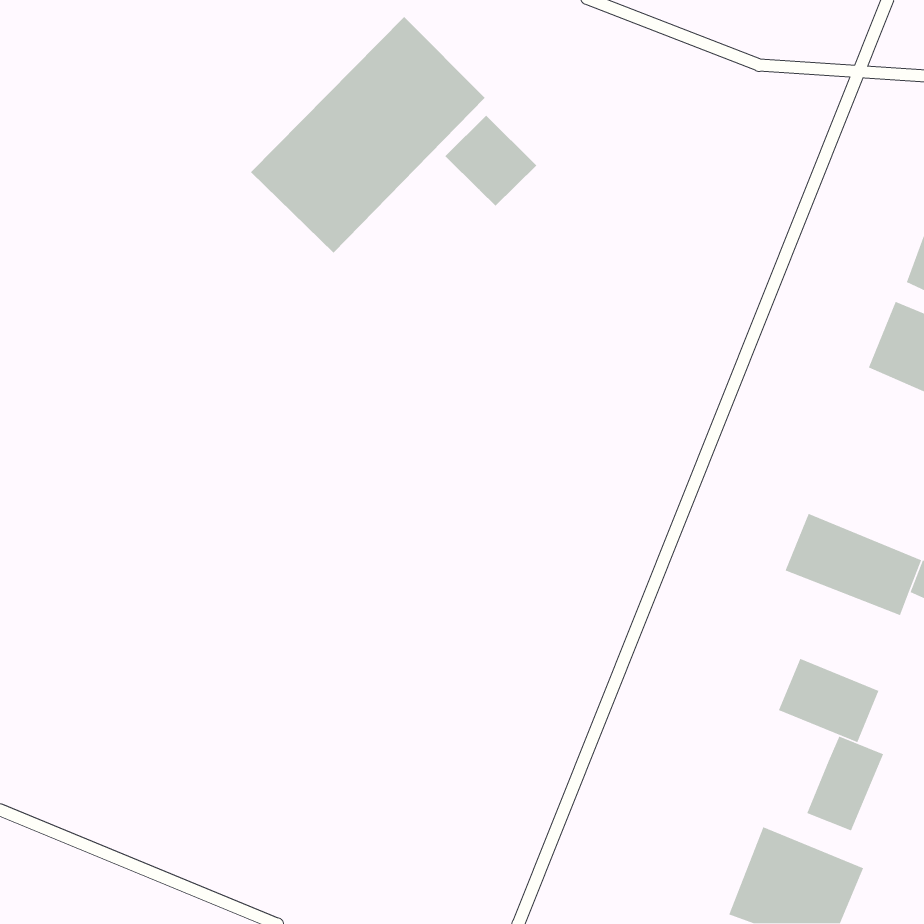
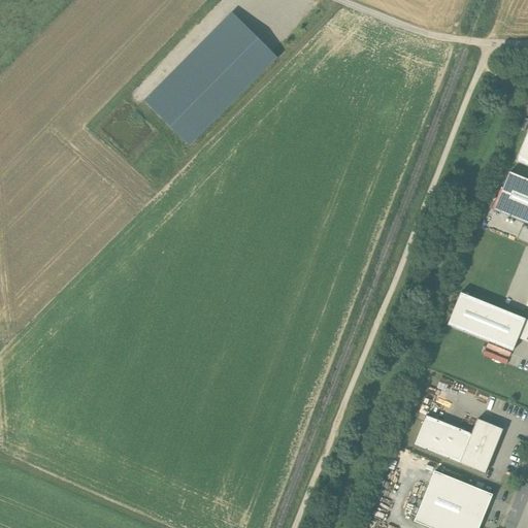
building: [444,115,537,207] -> none
building: [778,658,879,743] -> [415,415,472,463]

